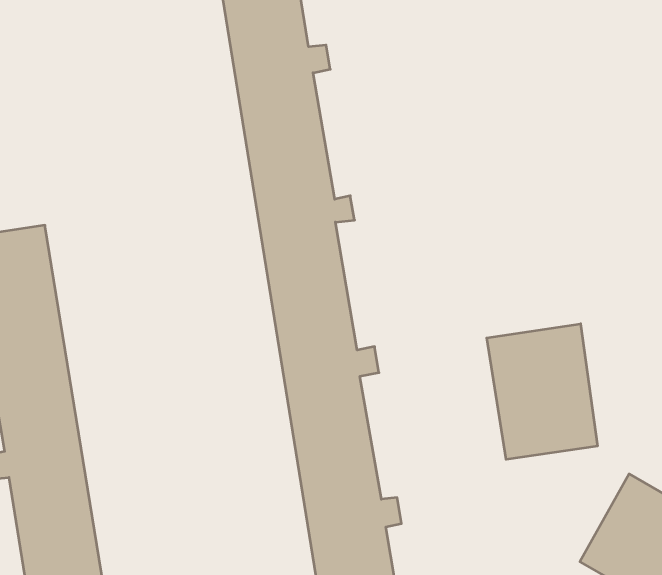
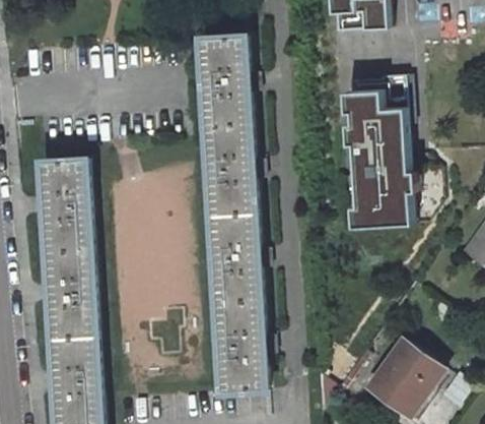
building: none -> [344,74,411,227]
building: [487,324,597,459] -> none

